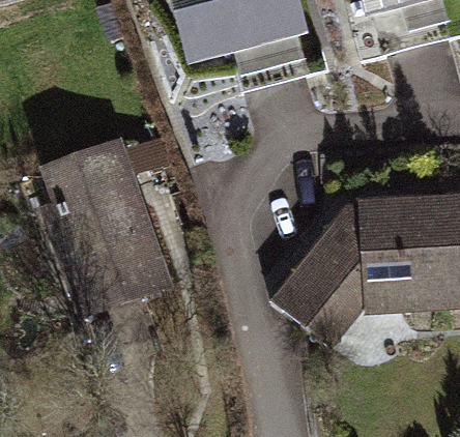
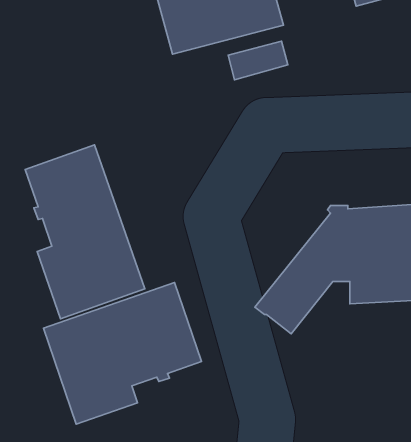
building: none -> [43,283,201,424]

